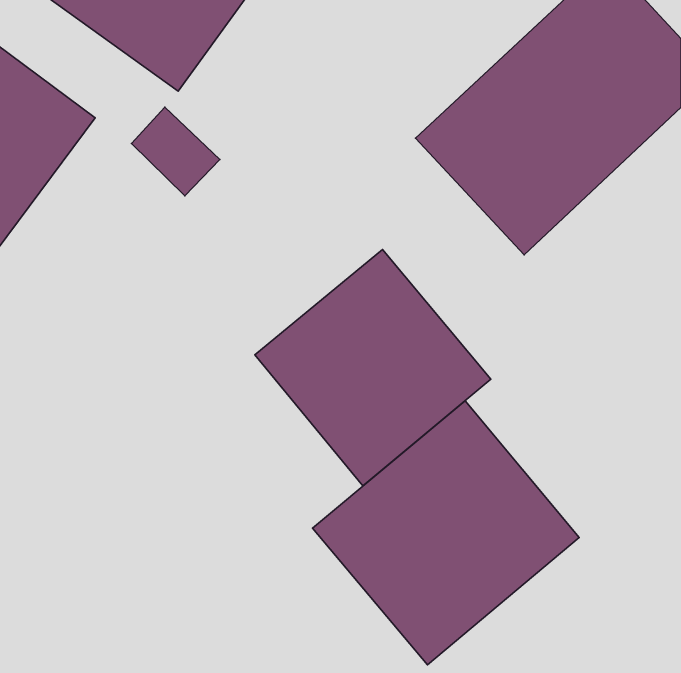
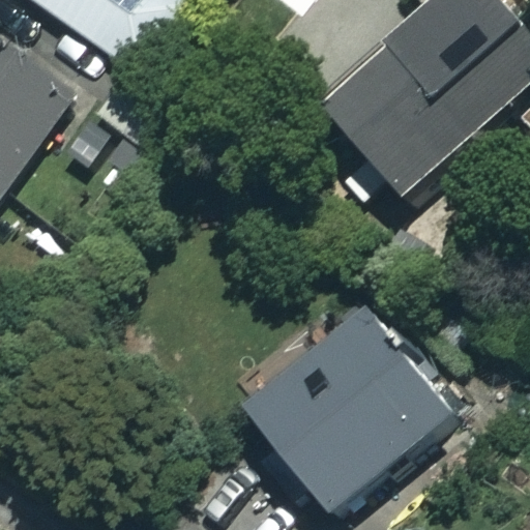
building: [255,249,491,486] -> none

